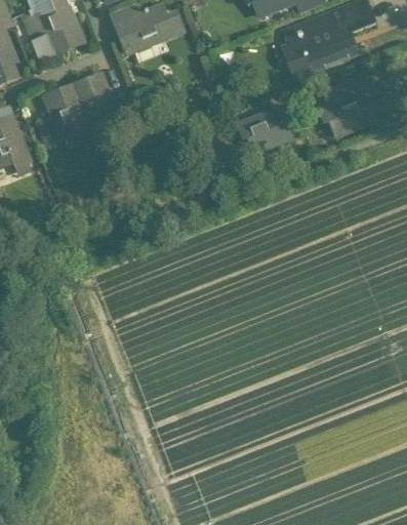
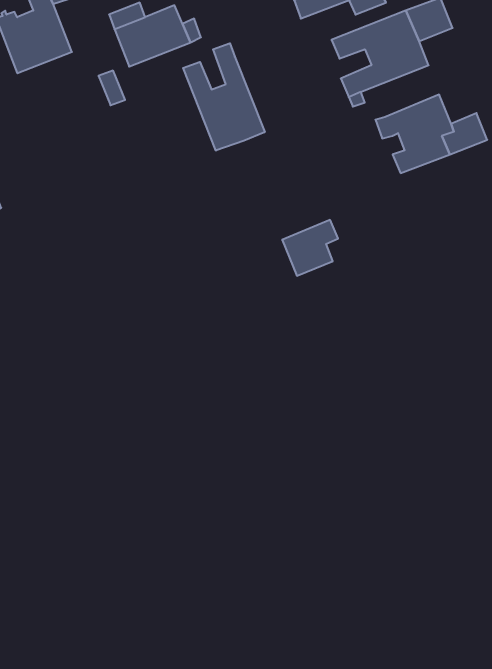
building: none -> [183,43,265,151]
building: [40,74,107,144] -> none
building: [243,108,286,151] -> [282,220,338,276]

